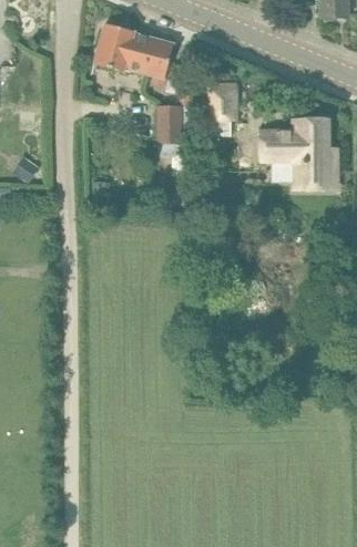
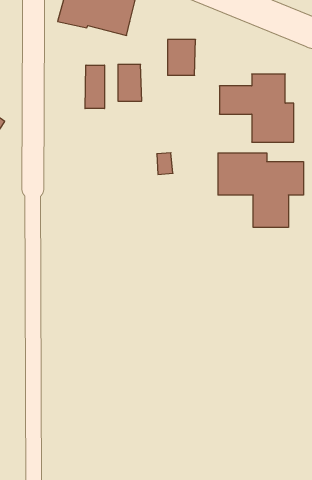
building: none -> [85,65,104,109]
building: none -> [218,153,303,227]

